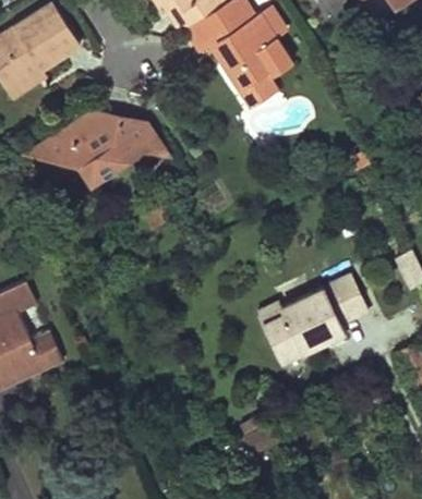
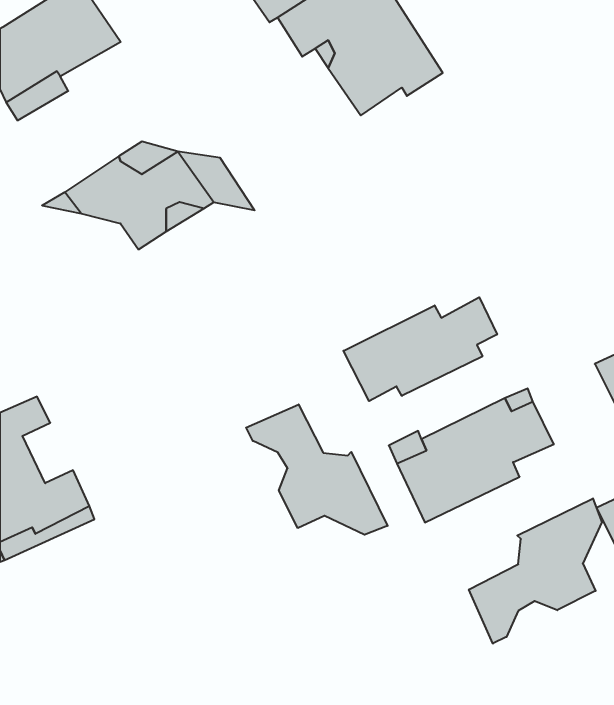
building: none -> [343,297,497,401]
building: none -> [246,404,388,535]
building: none -> [469,498,602,644]

